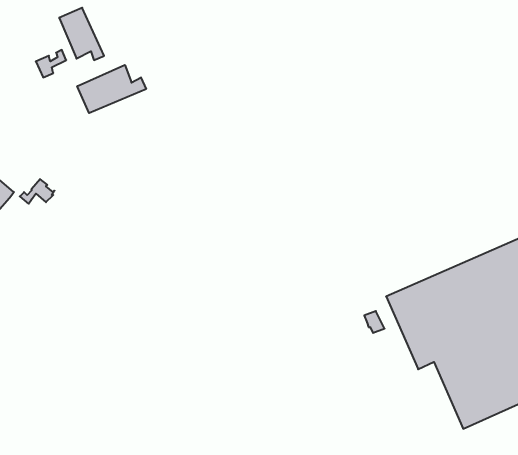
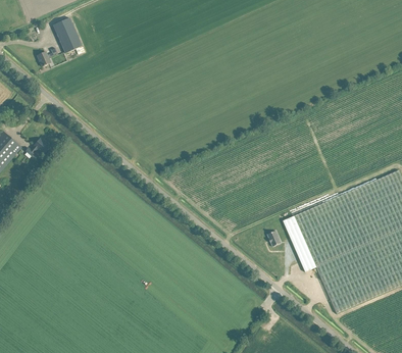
building: [77,65,146,113] -> none

